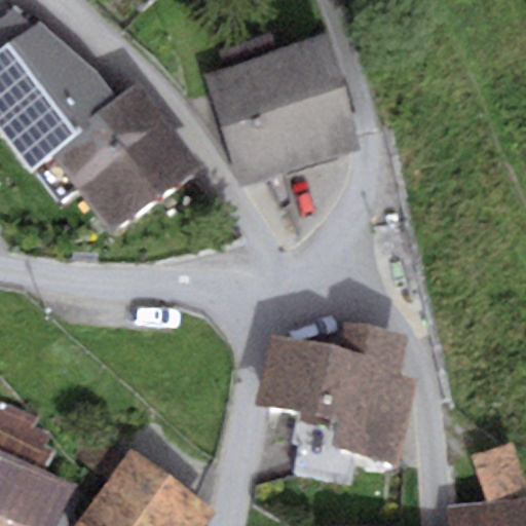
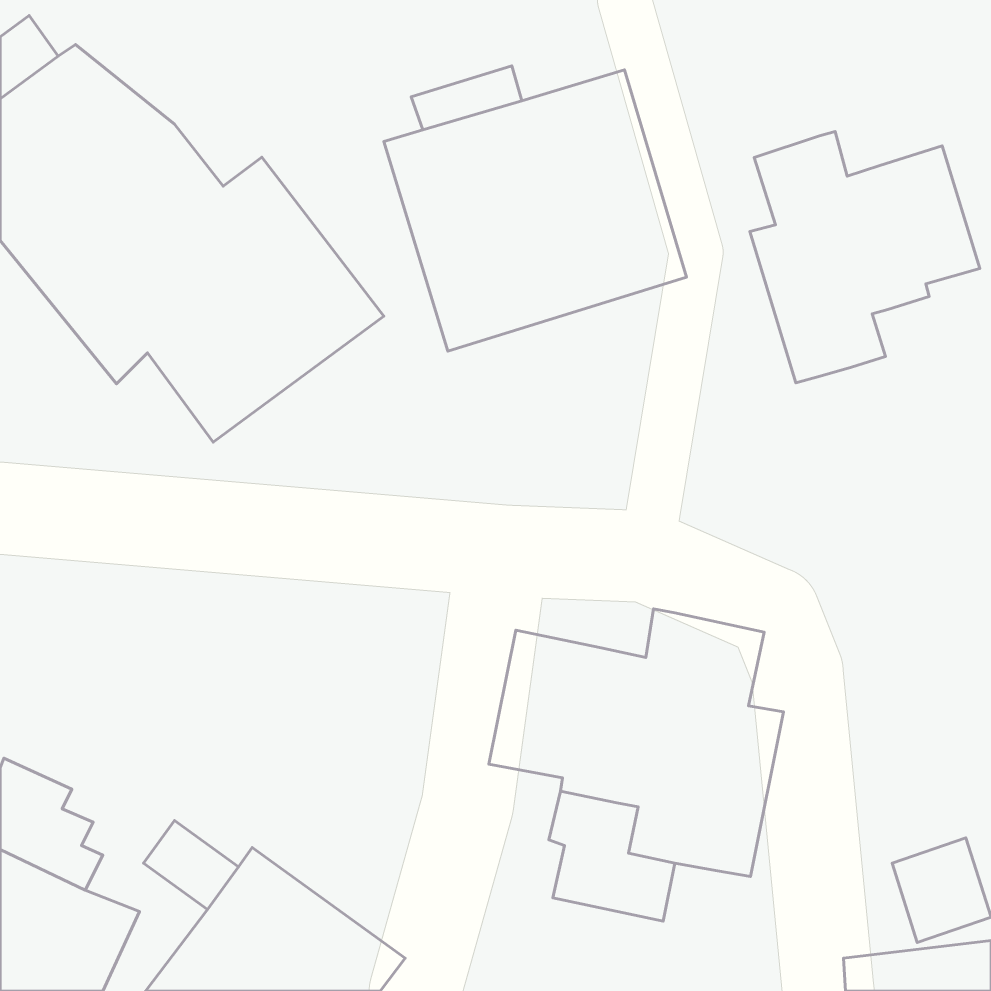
building: none -> [750,132,980,383]

